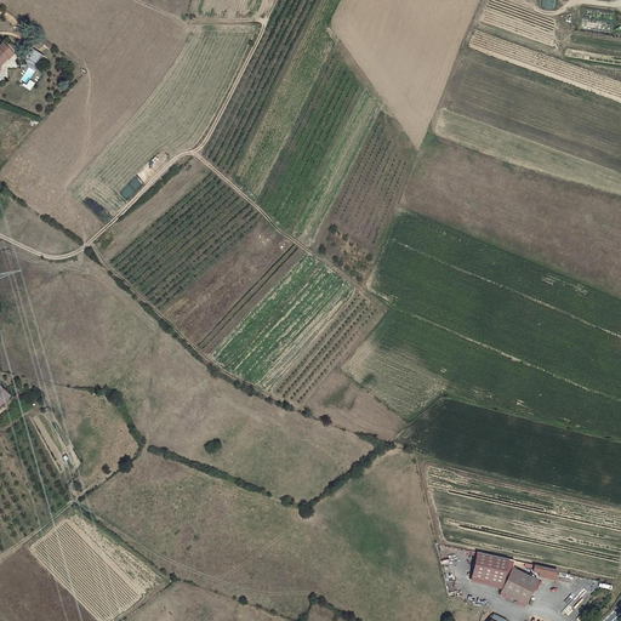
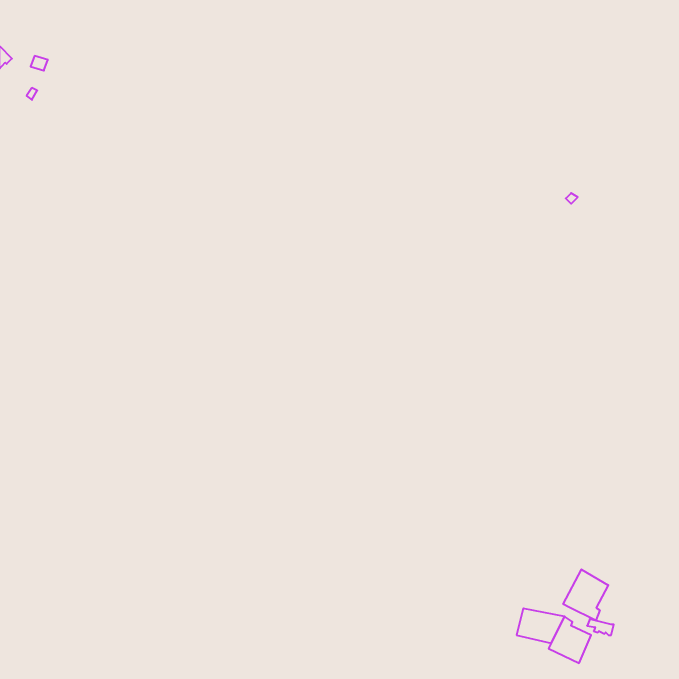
building: none -> [563,569,608,621]

